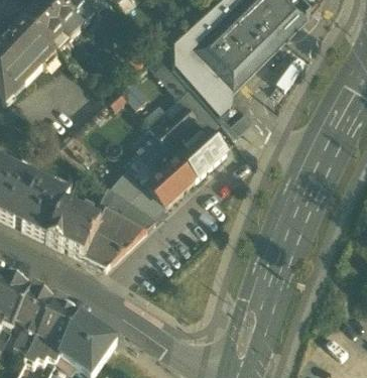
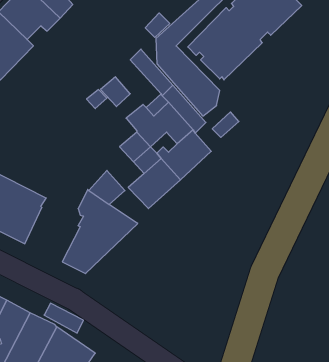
building: [131,180,168,213] -> none
building: [51,200,104,251] -> none

